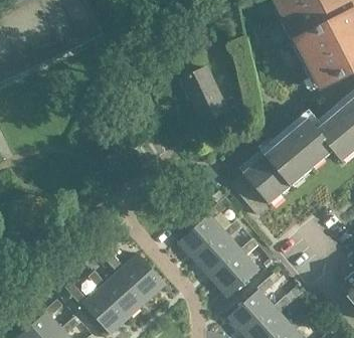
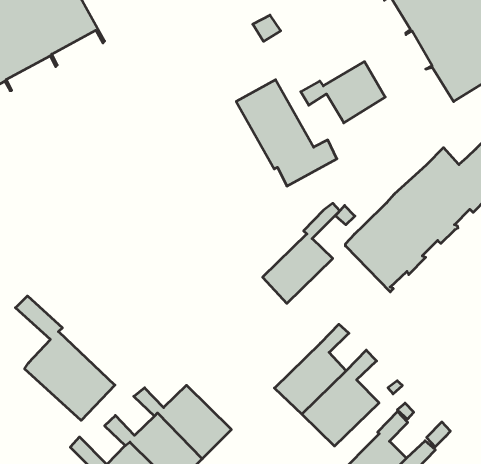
building: none -> [301,62,385,123]
building: none -> [15,296,115,420]
building: [179,198,229,259] -> [263,203,340,303]

